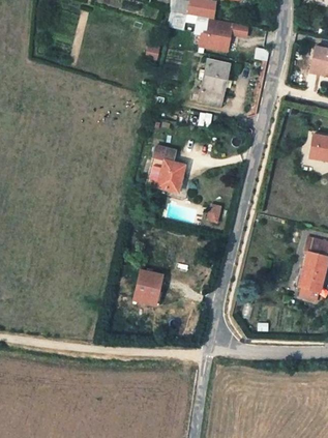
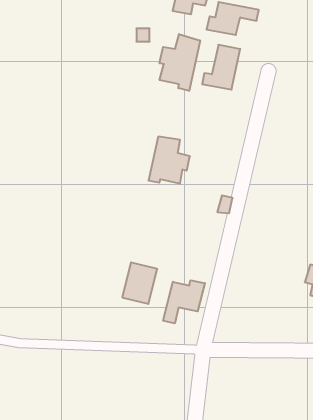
building: none -> [160,34,200,91]
building: none -> [163,280,205,323]

